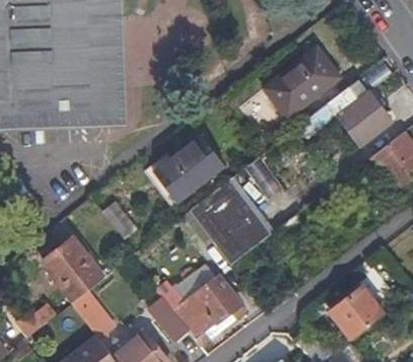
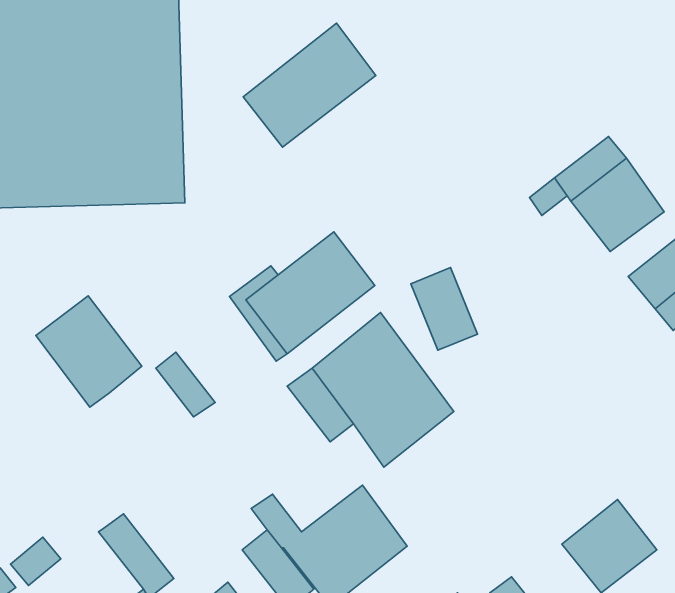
building: [267,45,342,115] -> [243,23,376,147]
building: [42,237,101,300] -> [36,296,142,407]

